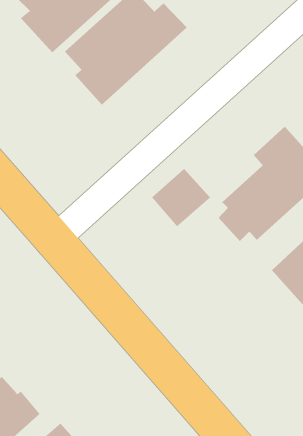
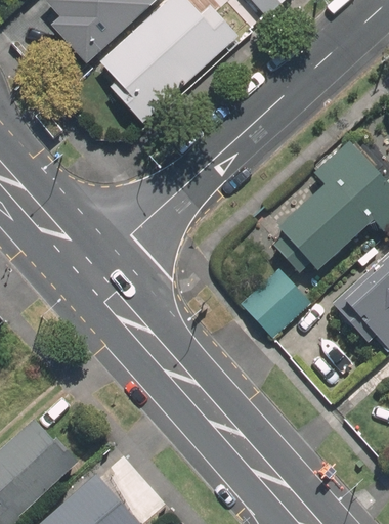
building: [151,168,211,227] -> [244,268,310,334]

